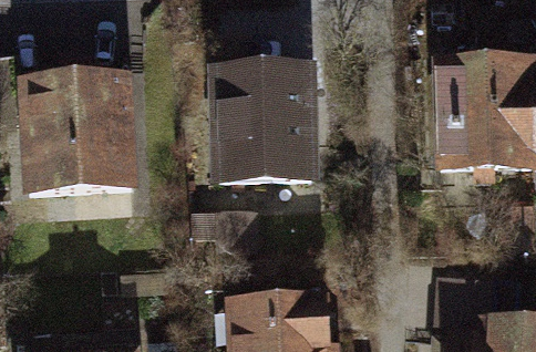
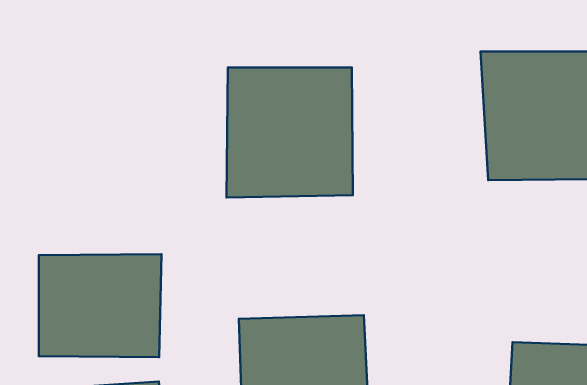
building: [23,75,144,193] -> none
building: none -> [39,254,161,357]

